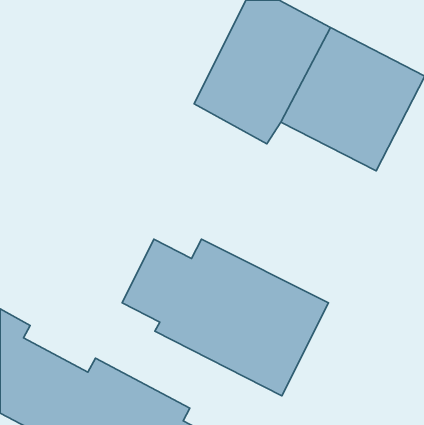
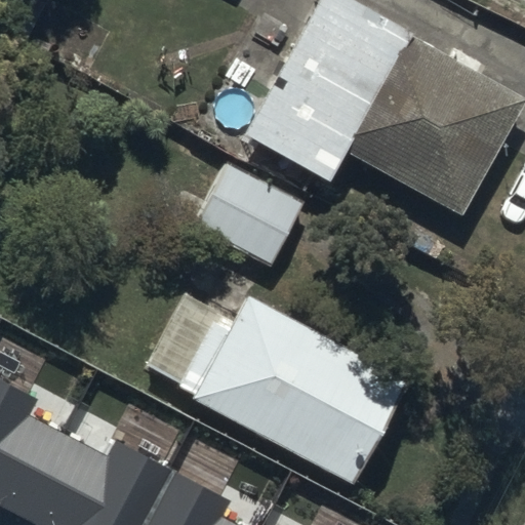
building: none -> [199,165,306,266]

